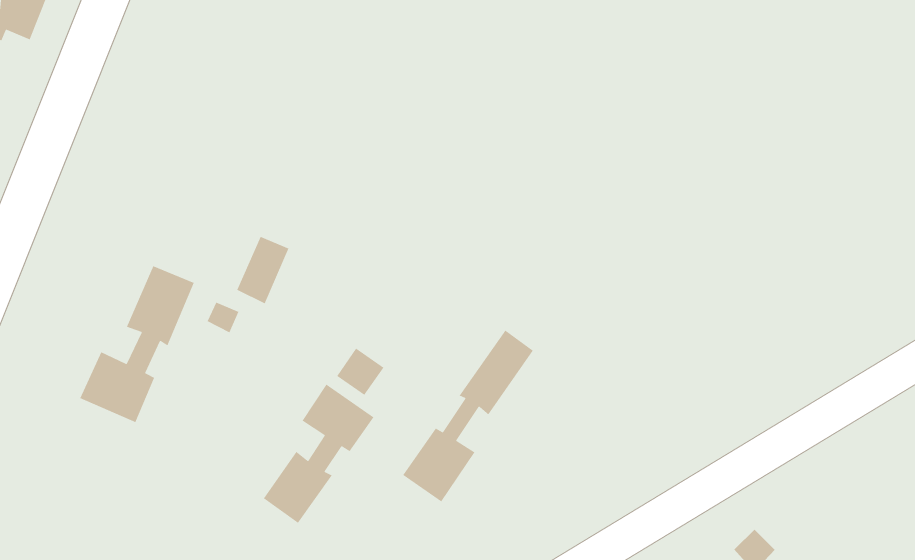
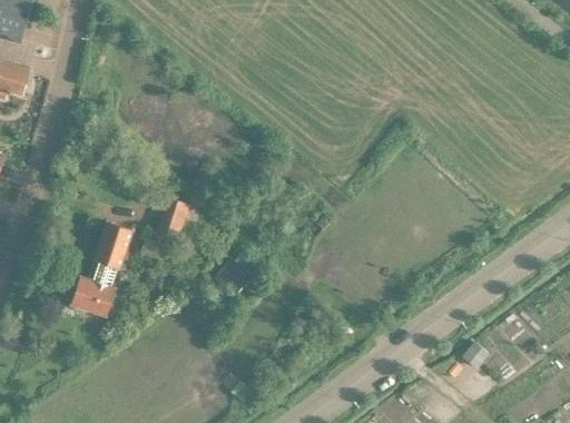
building: [402,330,534,503] -> none
building: [263,383,375,524] -> none

